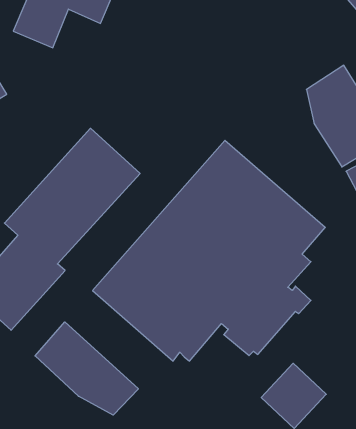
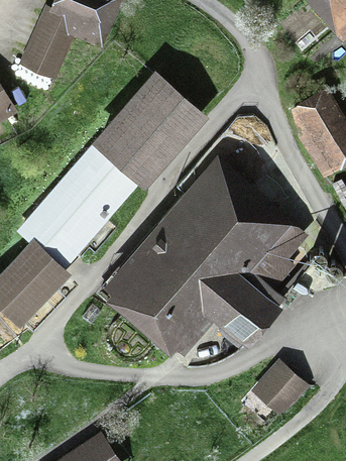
building: none -> [90,70,209,190]
building: [35,322,138,415] -> none

